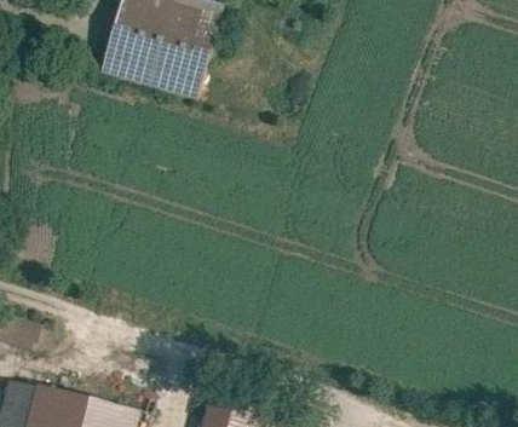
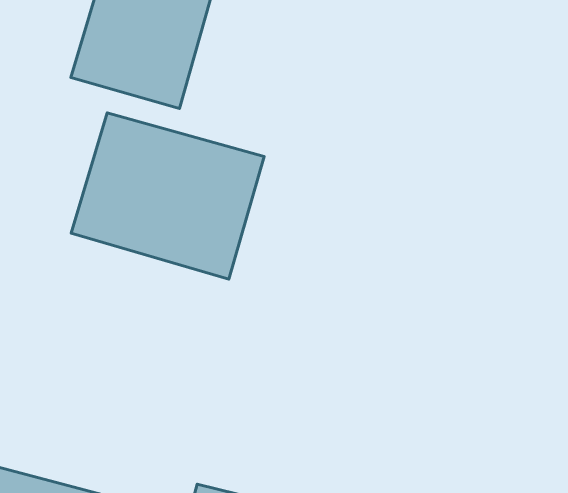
building: none -> [71,113,264,279]

